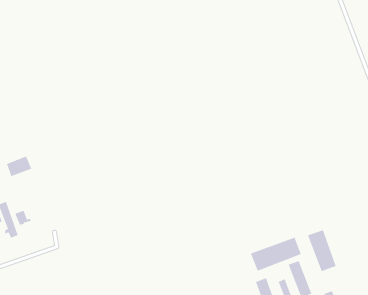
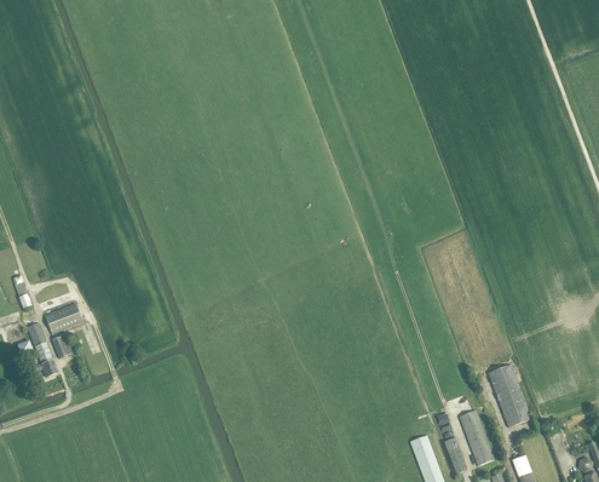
building: [6,156,32,177] -> [44,302,82,333]
building: [250,237,301,272] -> none

